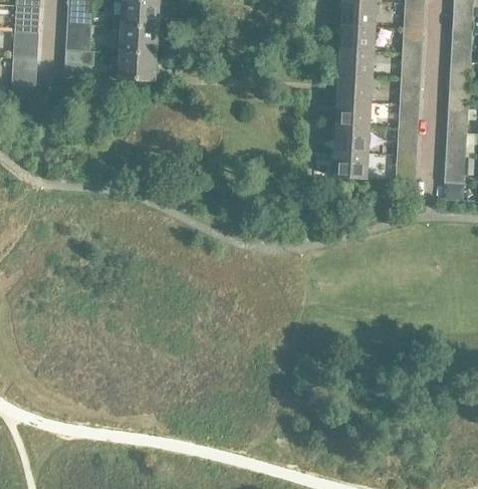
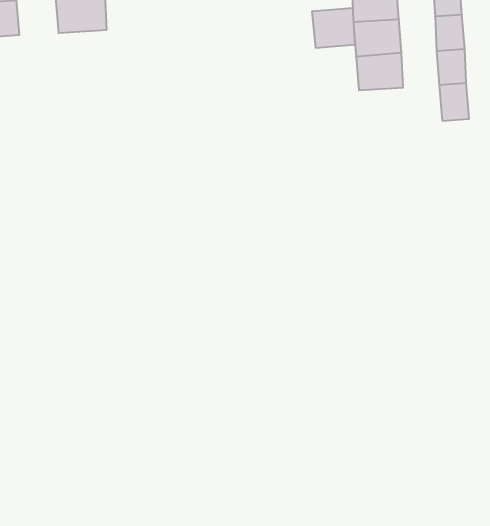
building: none -> [312,8,355,48]
building: [334,147,370,177] -> none

